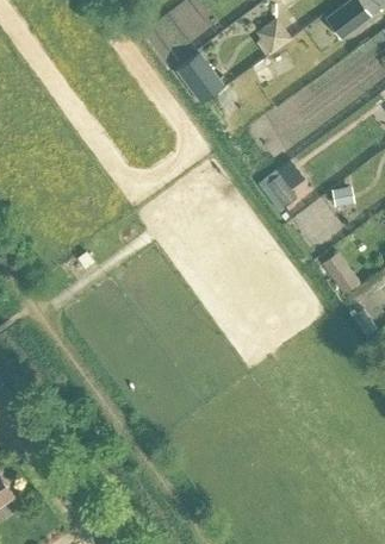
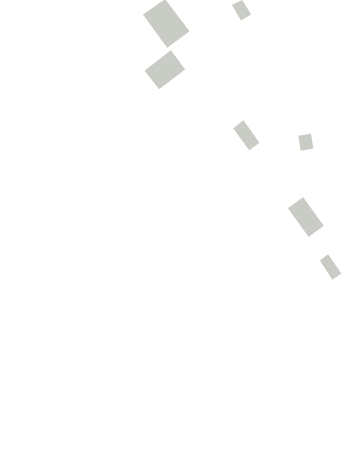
building: none -> [143,49,186,90]

